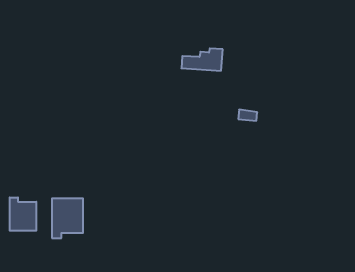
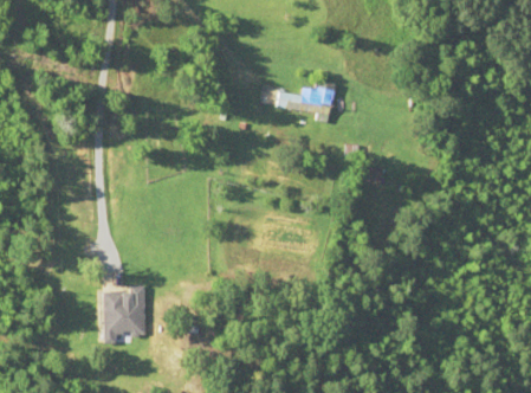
building: [10,197,36,231] -> none

